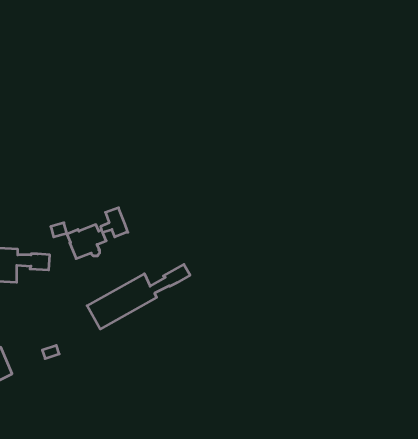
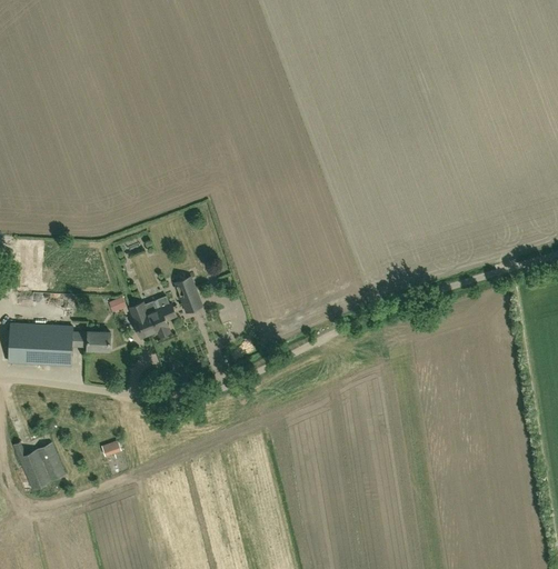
building: [87,264,190,329] -> none

